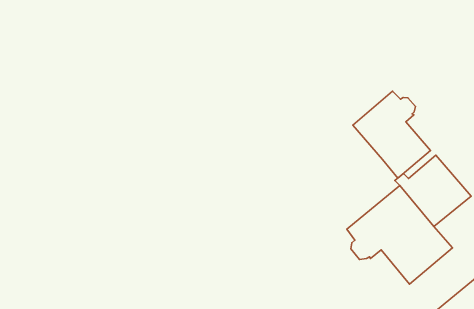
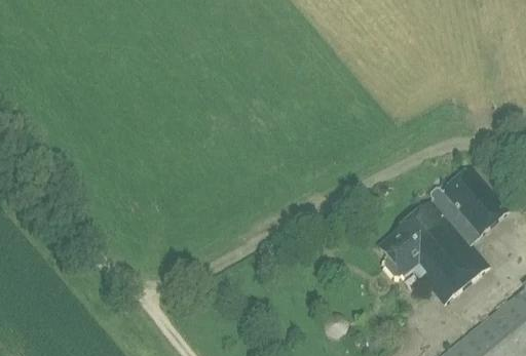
building: [353,91,430,178] -> none

